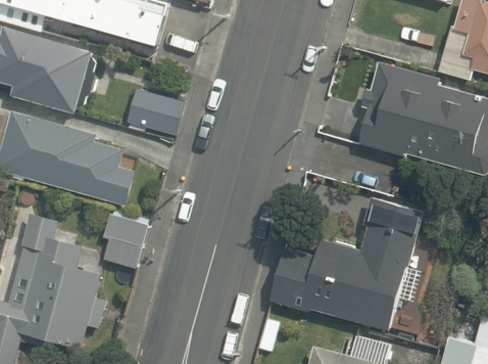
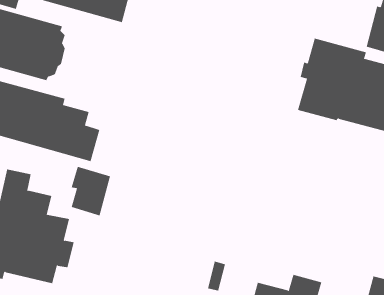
building: [129,89,186,136] -> none
building: [271,199,422,331] -> none

